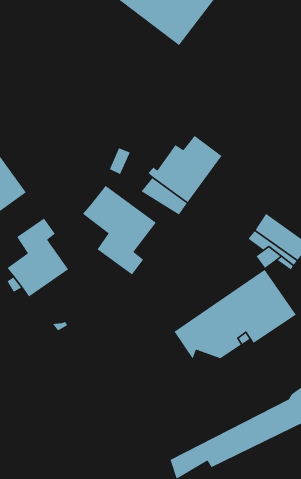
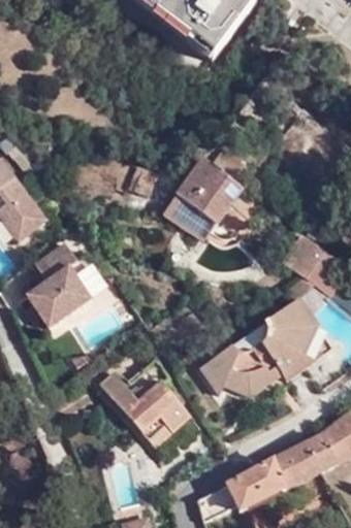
building: [82,185,157,276] -> none
building: none -> [100,373,189,447]

